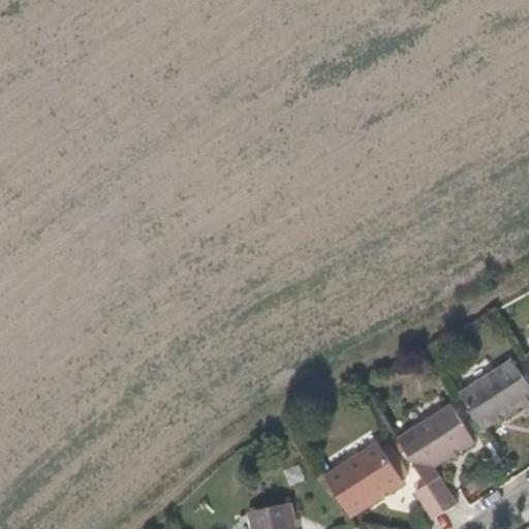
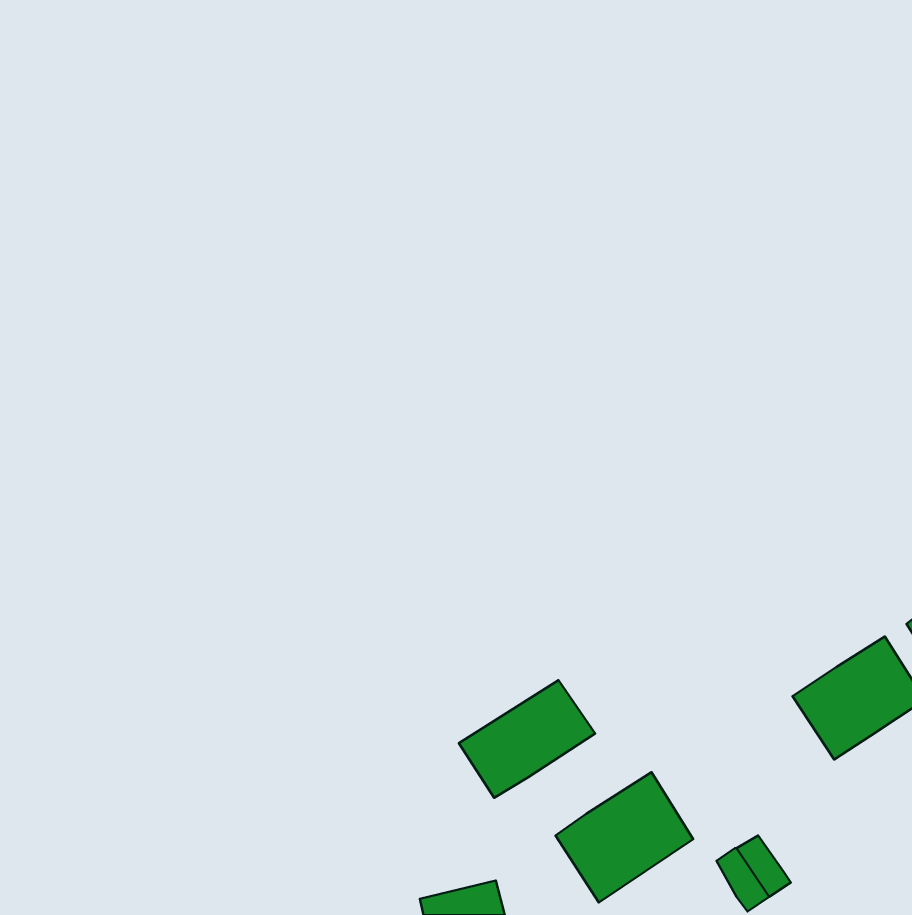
building: none -> [459,680,595,798]
building: [397,402,474,473] -> none

